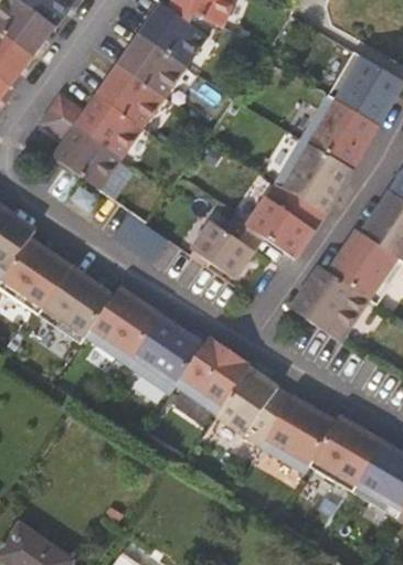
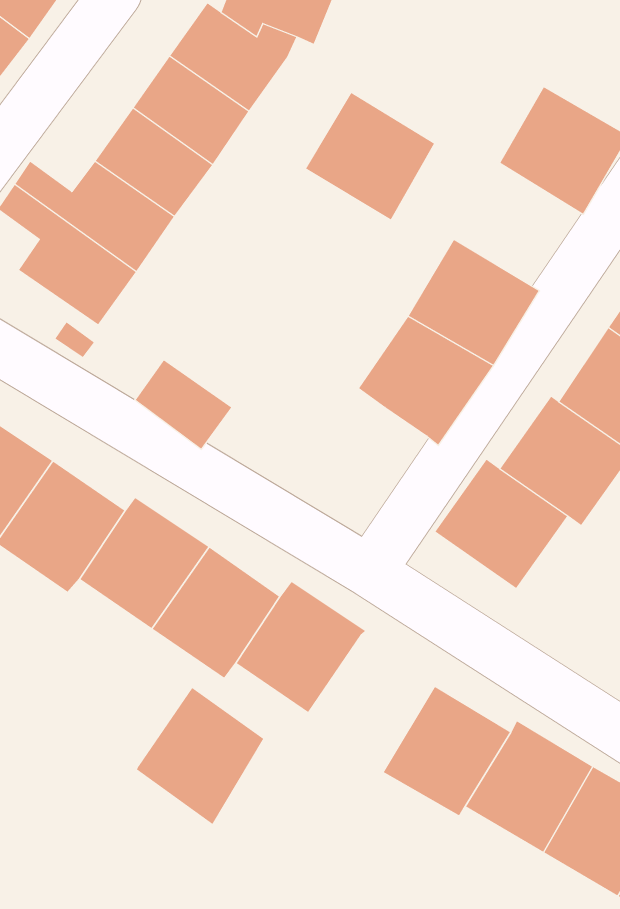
building: [303,95,378,169] -> [305,92,435,220]
building: [192,216,263,278] -> none
building: [218,367,291,447] -> [136,687,264,825]

